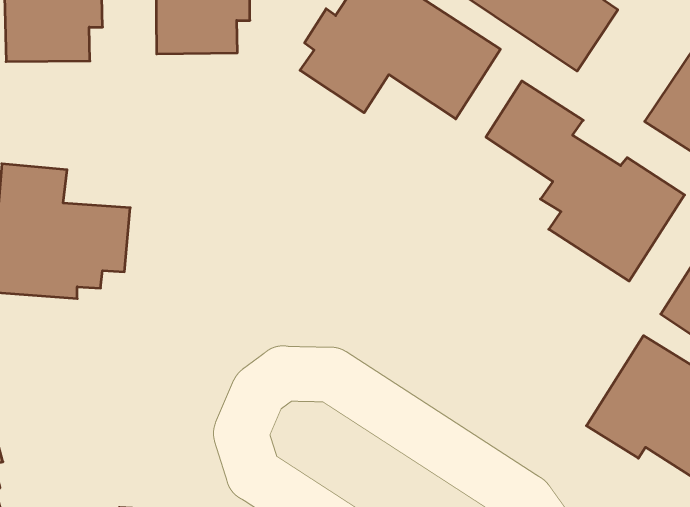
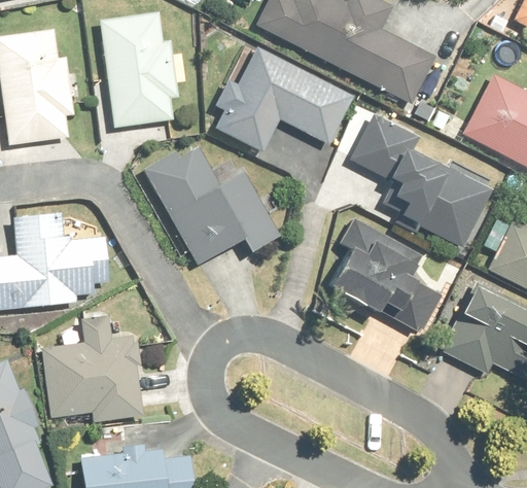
building: none -> [144,147,280,266]
building: none -> [330,215,444,332]
building: none -> [45,318,142,422]

